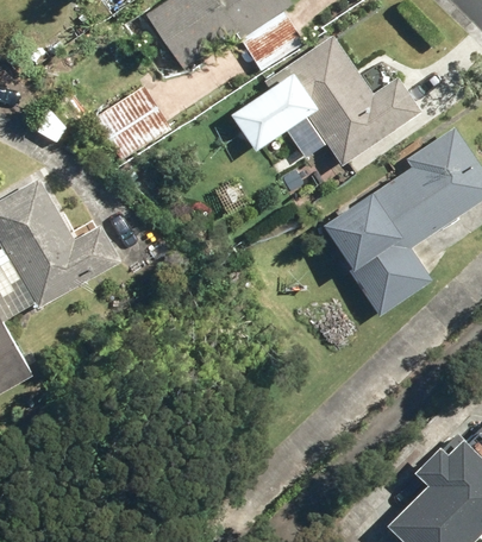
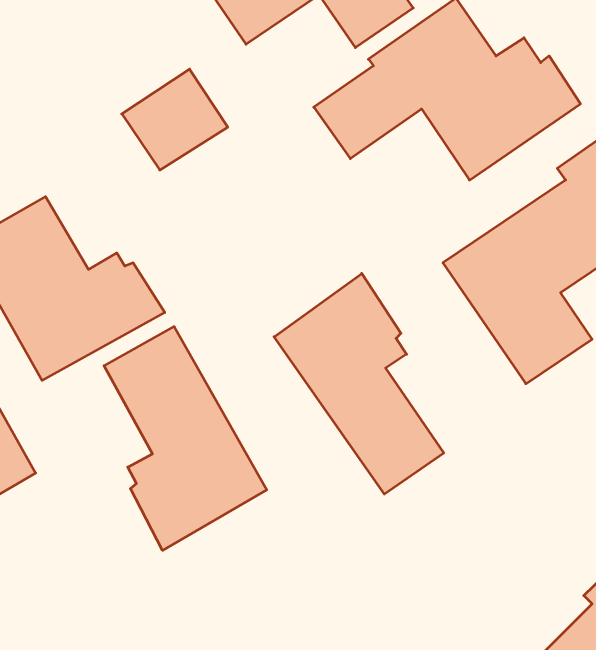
building: none -> [274,273,444,494]
building: none -> [104,327,267,550]

